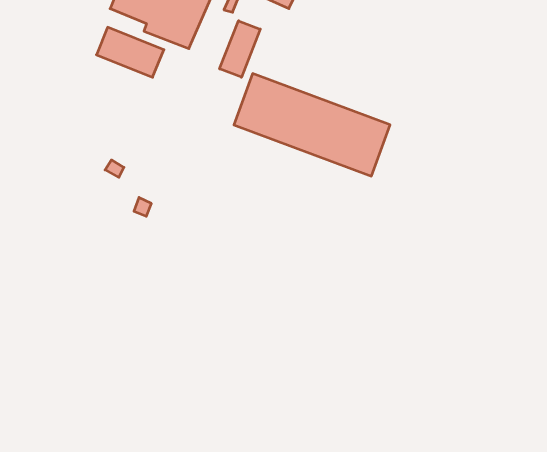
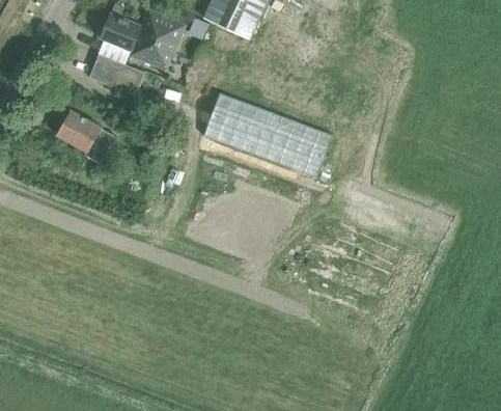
building: [220,21,260,77] -> none
building: none -> [56,110,114,163]

